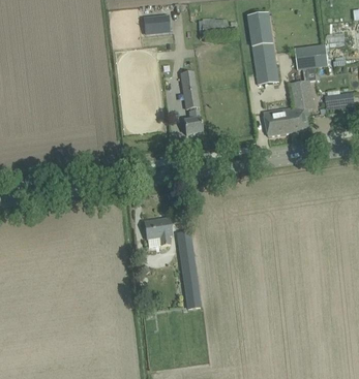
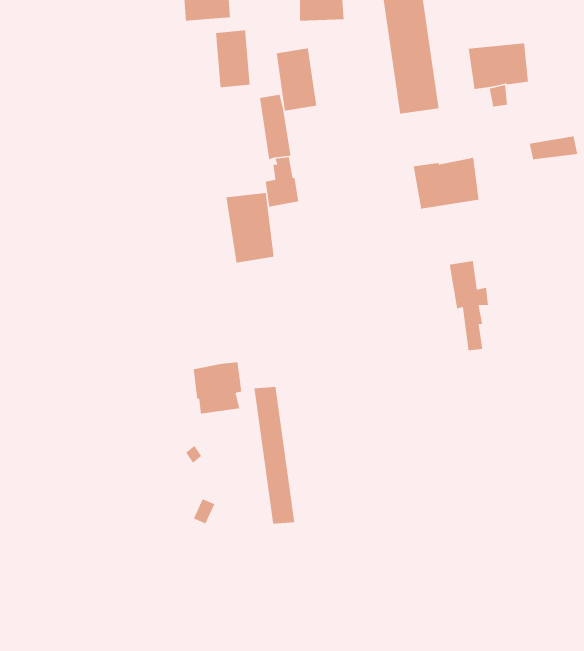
building: none -> [215,29,250,88]
building: none -> [276,48,317,112]
building: [290,81,311,130] -> [449,260,489,351]
building: none -> [225,192,274,263]

